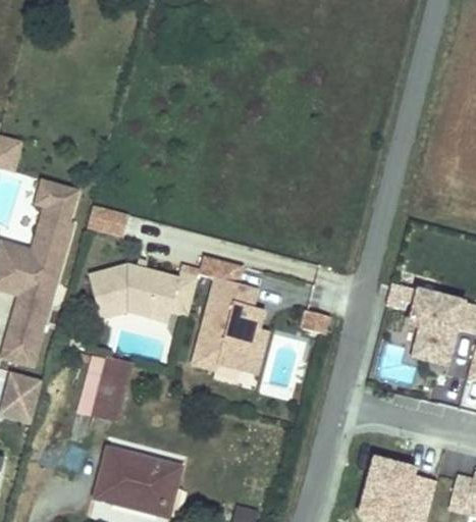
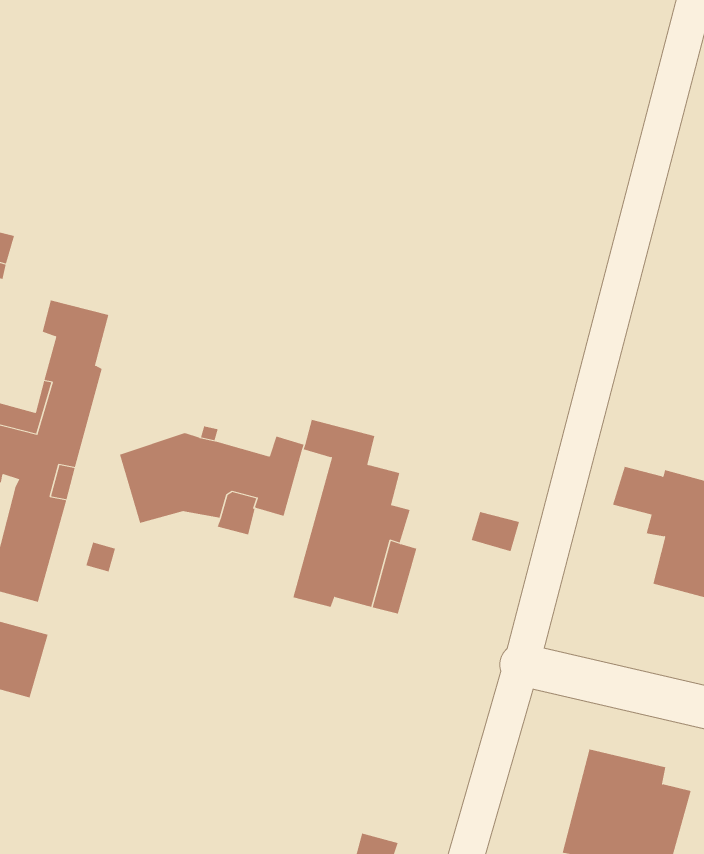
building: [85,206,125,237] -> none
building: [75,356,128,421] -> none
building: [95,446,177,513] -> none

